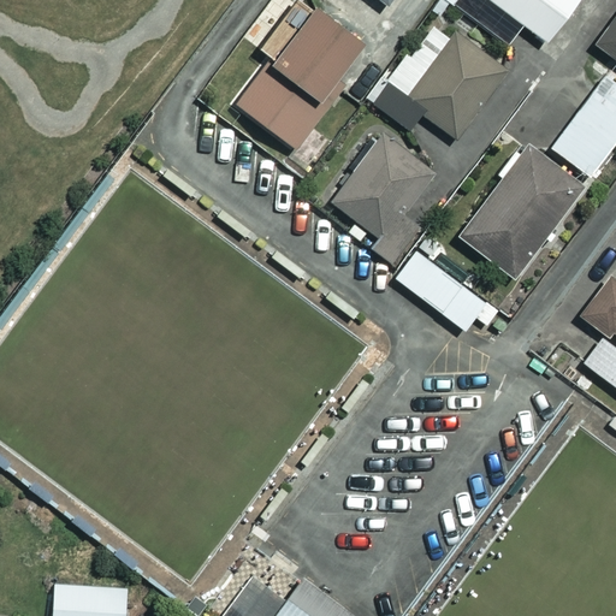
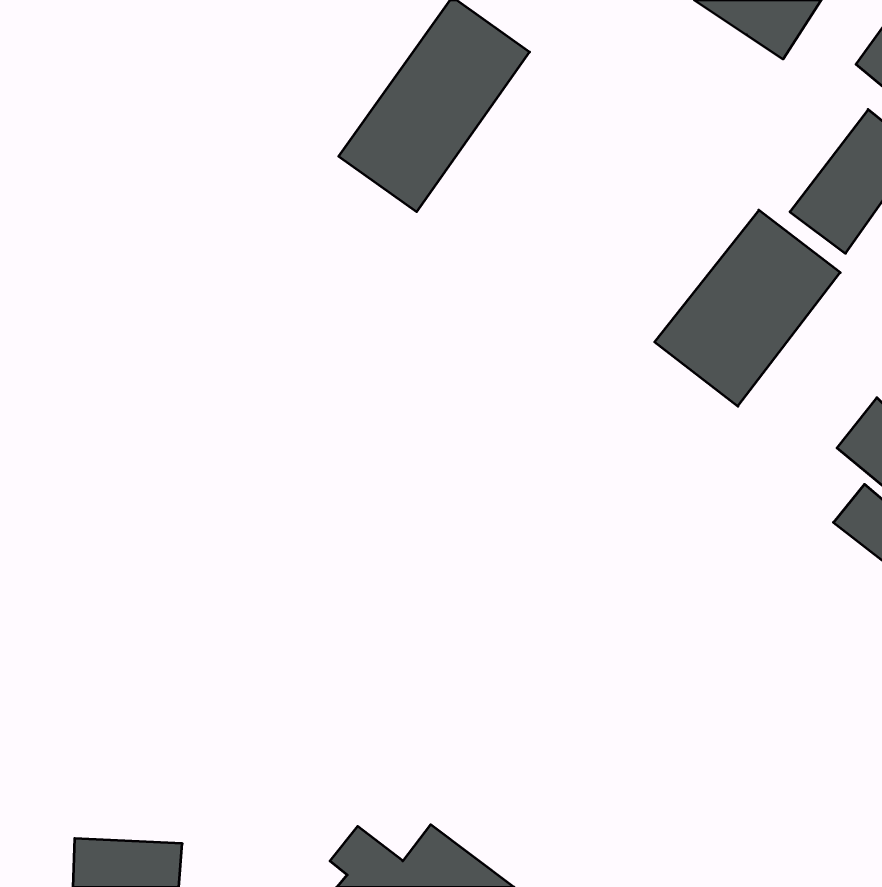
building: [403,34,507,140] -> none
building: [333,132,437,265] -> none
building: [395,251,497,330] -> none

